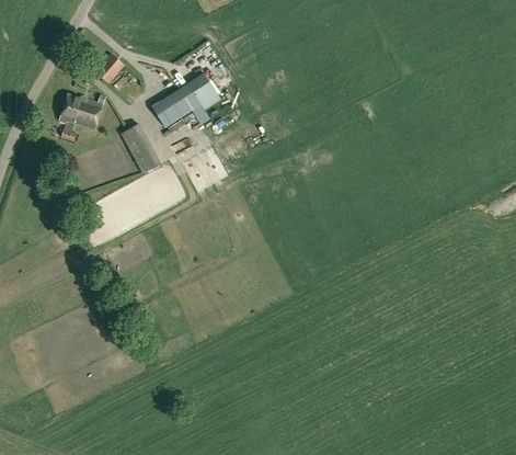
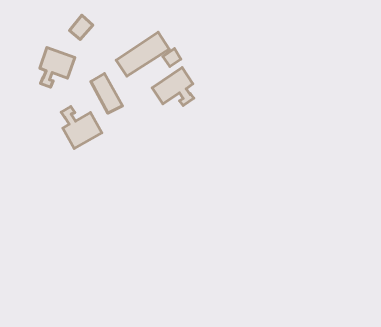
building: none -> [152,68,194,106]
building: none -> [61,106,102,148]

